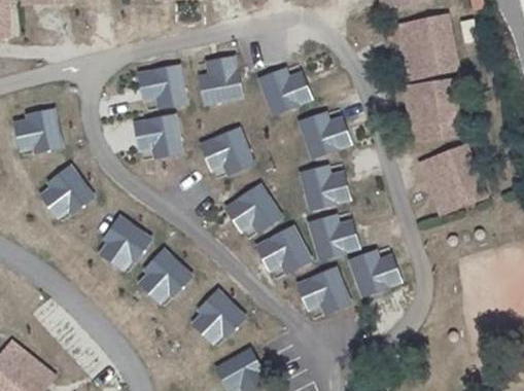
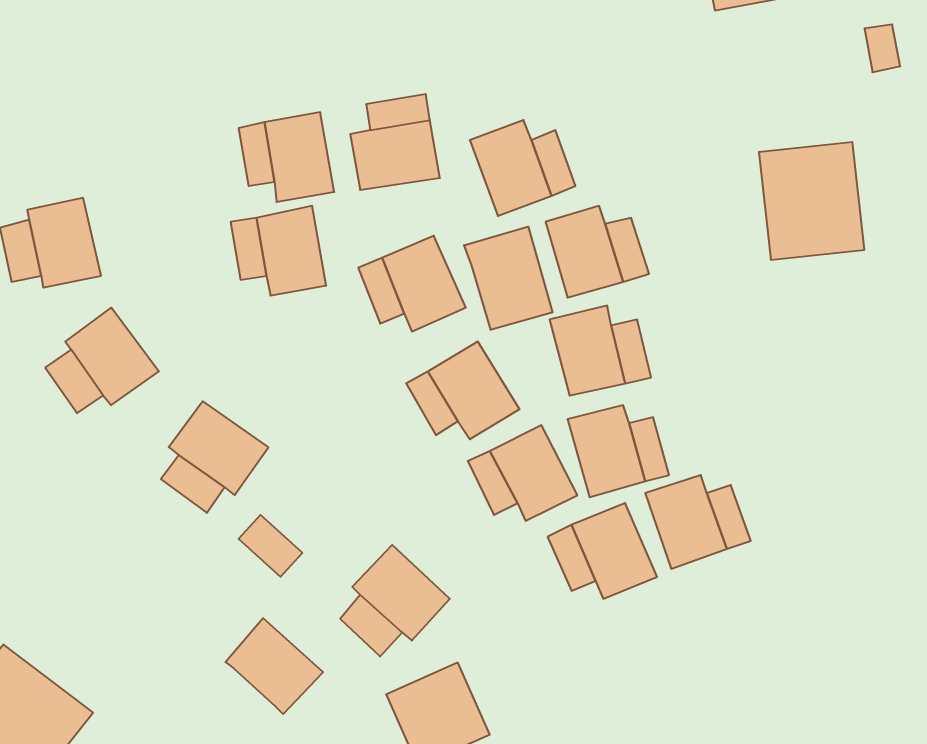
building: [398,11,460,79] -> none
building: none -> [464,227,553,330]
building: [420,142,488,214] -> none
building: [144,246,195,295] -> [225,618,323,714]

